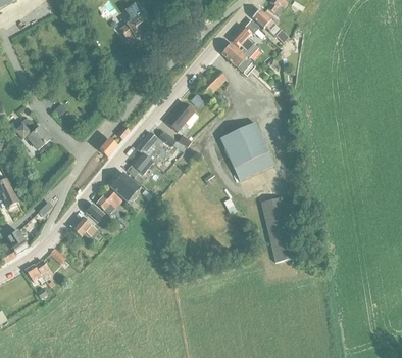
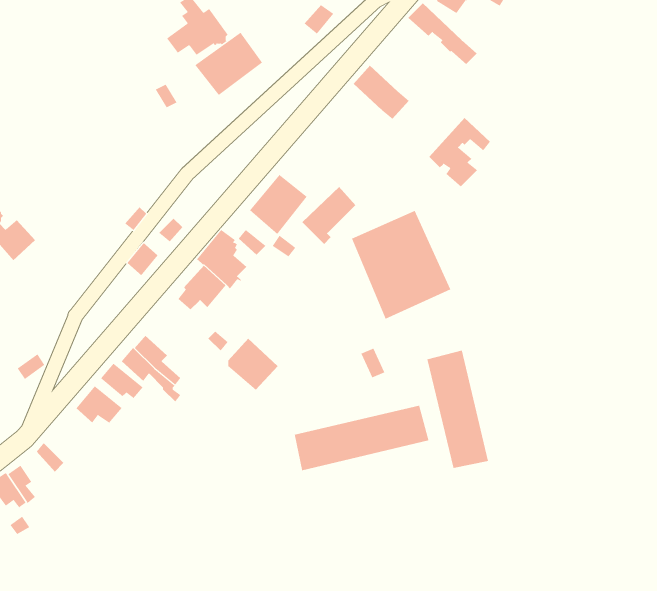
building: [232,18,265,56] -> [429,117,491,187]
building: none -> [194,32,263,96]
building: [196,69,225,100] -> [301,186,356,245]
building: [111,172,139,200] -> [228,338,278,391]
building: none -> [294,405,429,471]

